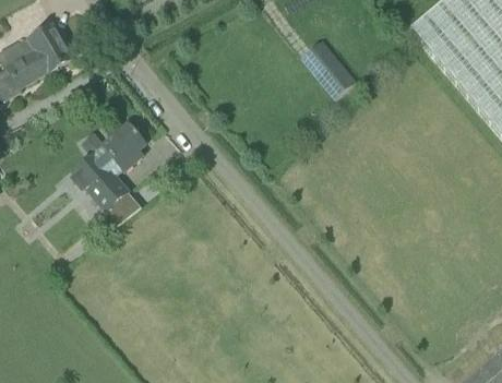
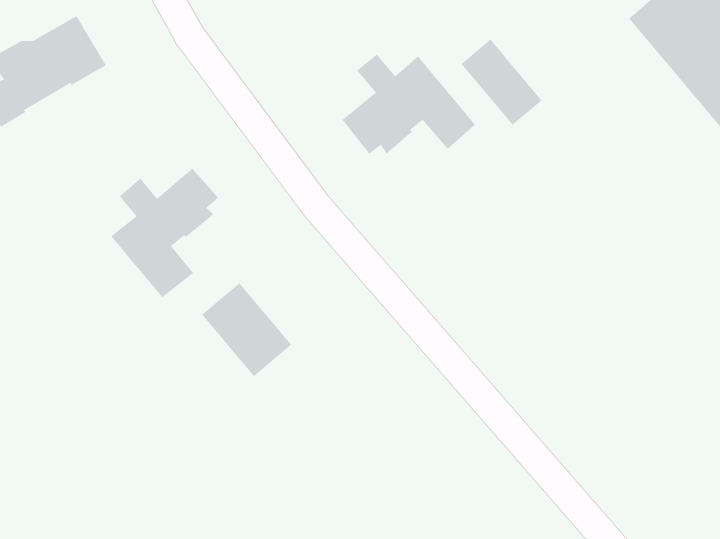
building: none -> [341,53,476,155]
building: none -> [201,282,292,377]

